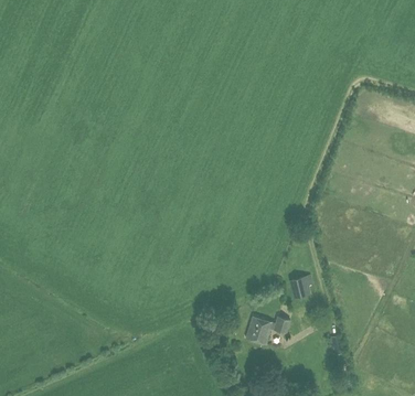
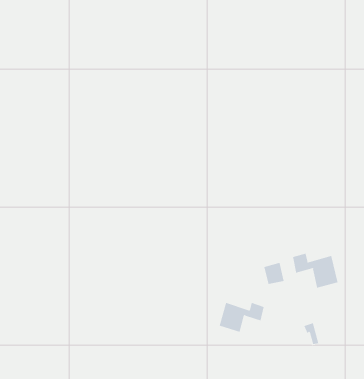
building: none -> [293,253,338,289]

